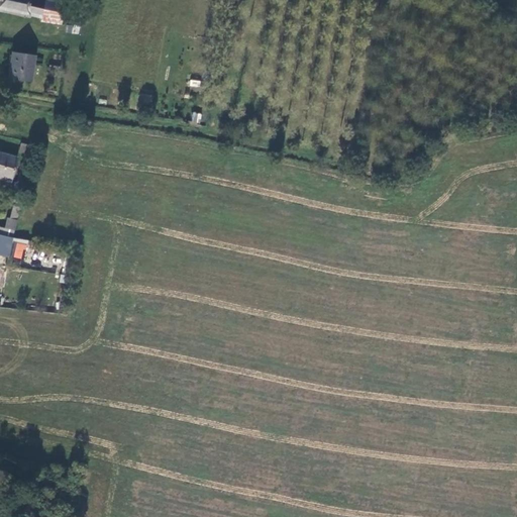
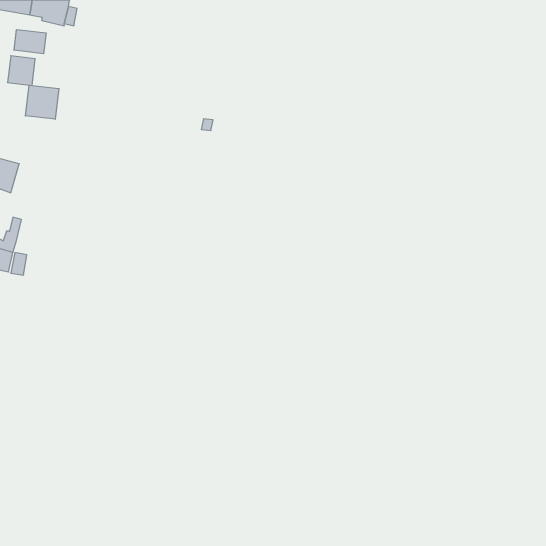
building: none -> [14,30,46,54]
building: none -> [25,85,59,119]

